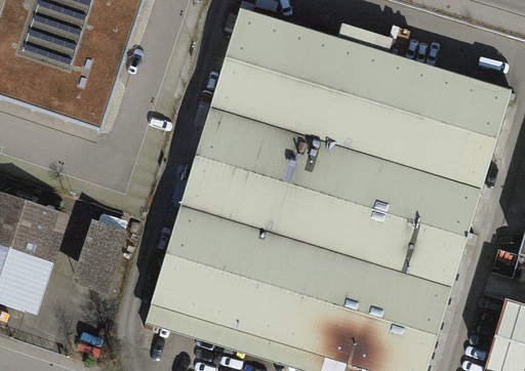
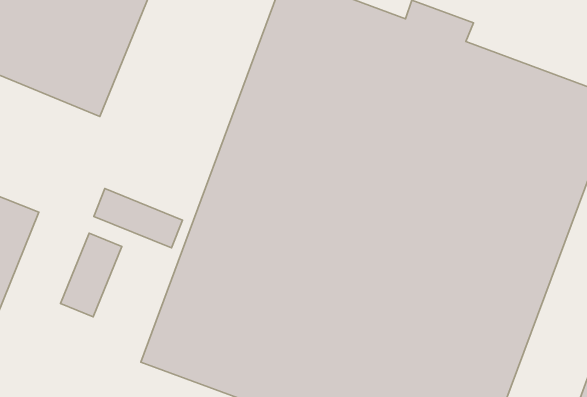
building: none -> [94,189,183,248]

